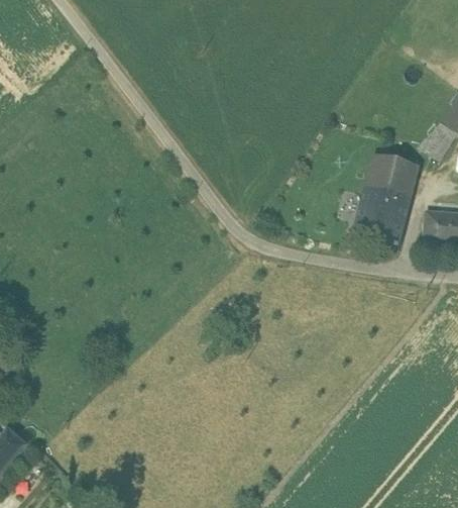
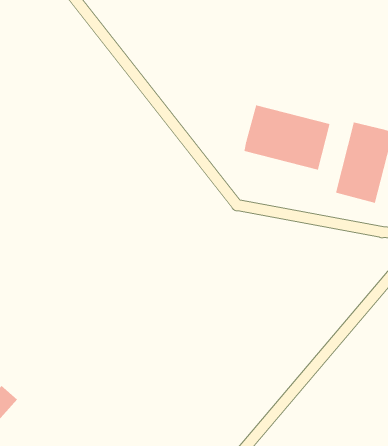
building: none -> [244,104,330,171]

